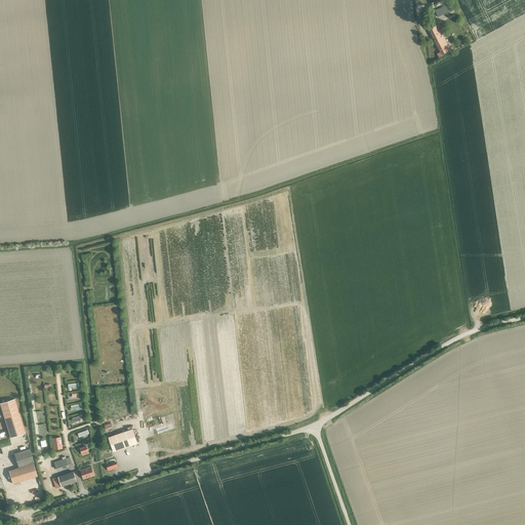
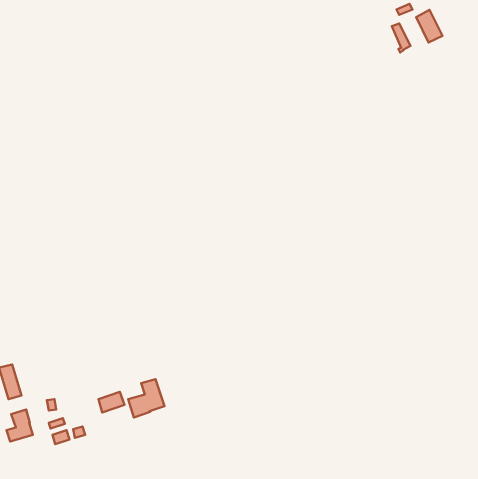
building: none -> [416,10,443,42]
building: none -> [128,379,165,417]

